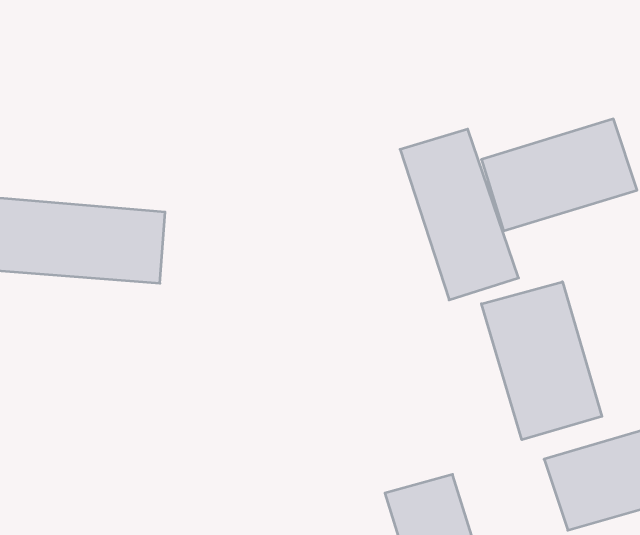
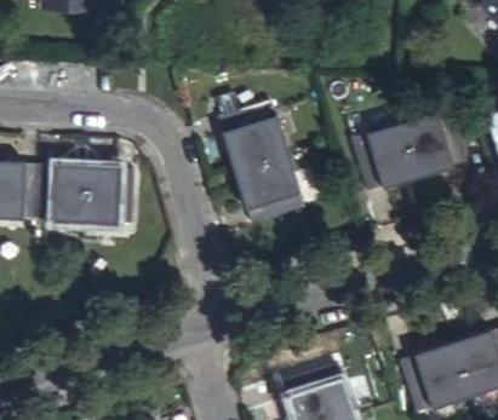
building: [400,129,519,300] -> [218,100,303,223]
building: [481,282,602,440] -> none

